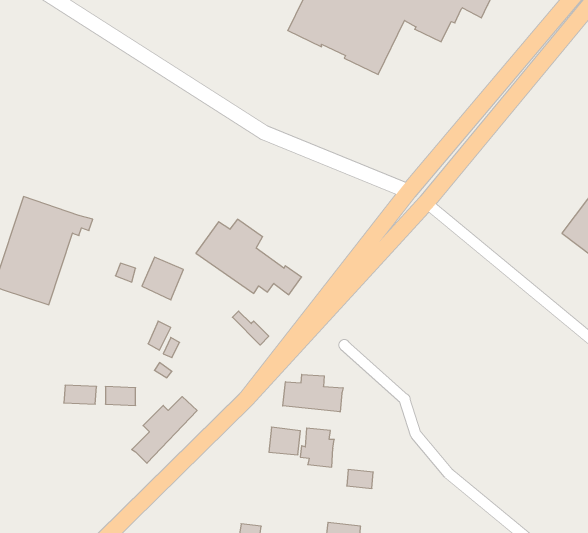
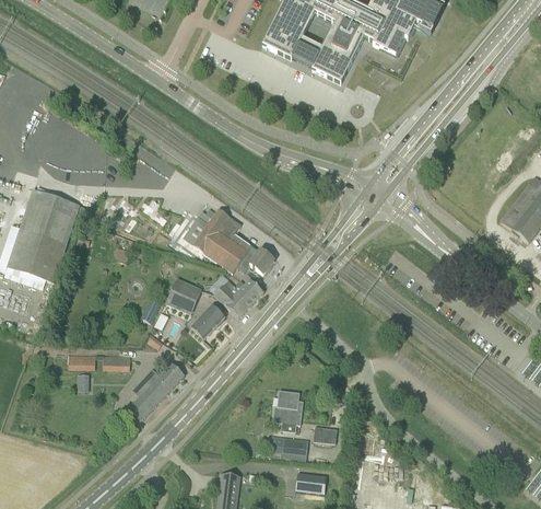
building: [142,257,183,300] -> [166,277,202,314]
building: none -> [220,278,263,310]
building: none -> [190,303,225,338]
building: [283,374,343,412] -> none
building: [269,427,300,455] -> [281,436,308,460]

